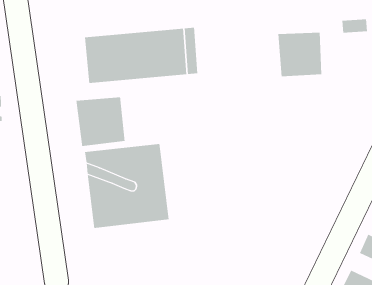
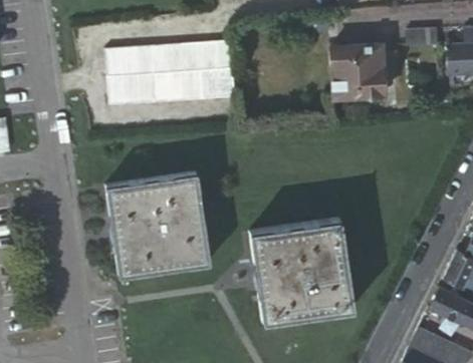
building: [76,97,125,147] -> none
building: none -> [247,226,347,326]

